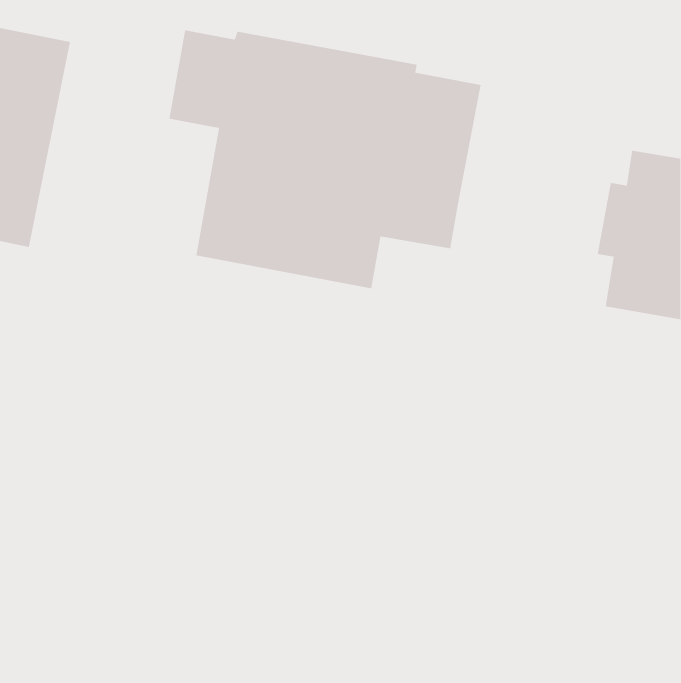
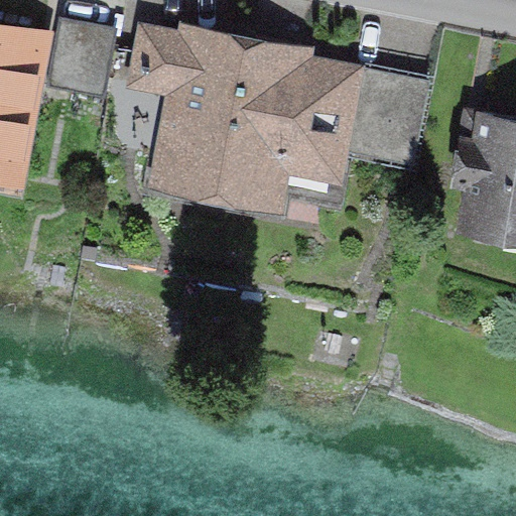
building: none -> [46,17,120,100]
building: none -> [346,63,428,165]

